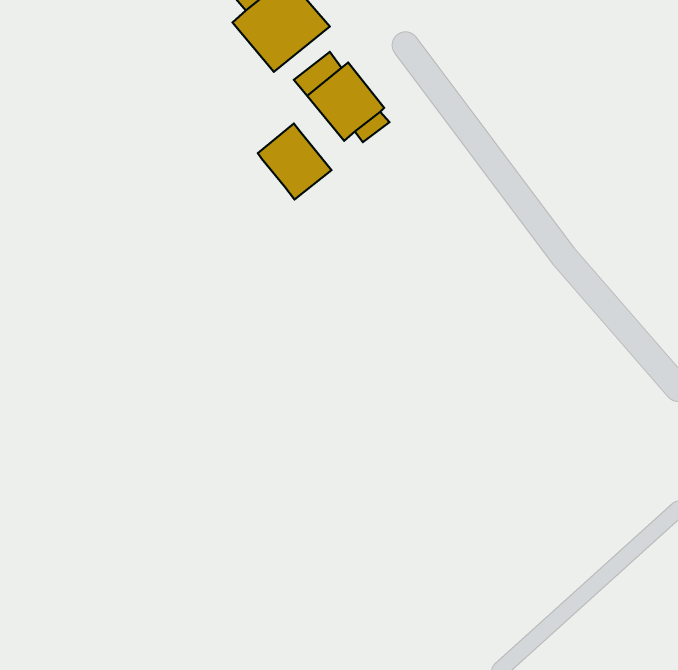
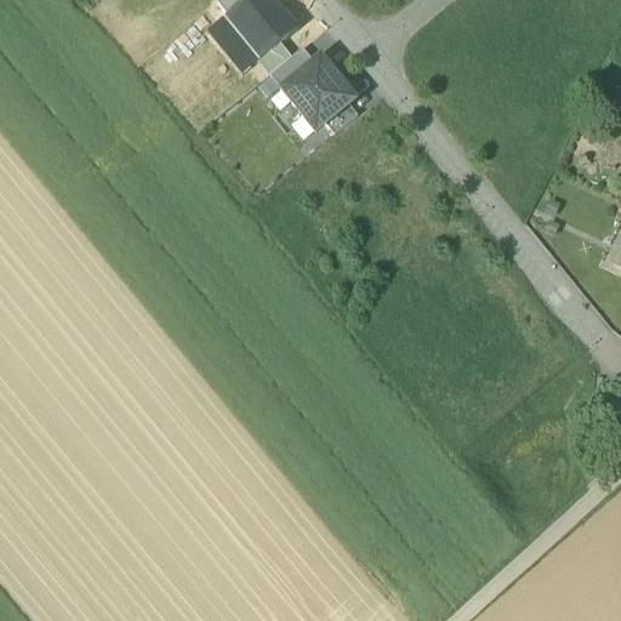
building: [258,124,332,200] -> none

